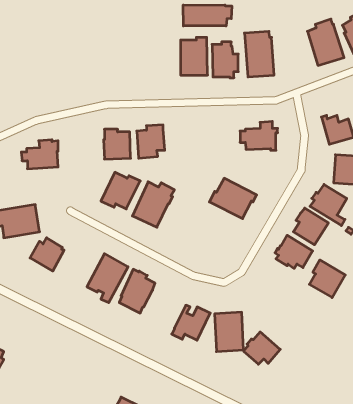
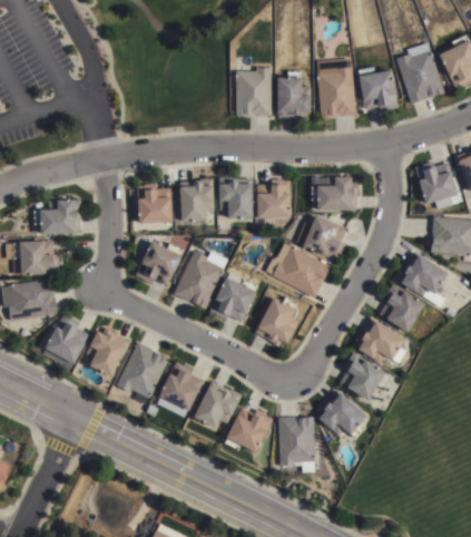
building: [183,5,232,26] -> none
building: none -> [357,68,396,110]
building: none -> [218,178,253,217]
building: none -> [257,179,291,217]
building: none -> [296,214,345,261]
building: none -> [12,240,58,275]
building: none -> [209,276,257,322]
building: none -> [256,296,297,342]
building: none -> [89,330,128,377]
building: [309,260,345,298] -> [338,352,384,400]
building: none -> [194,385,241,428]
building: [244,332,280,364] -> [317,393,364,435]

